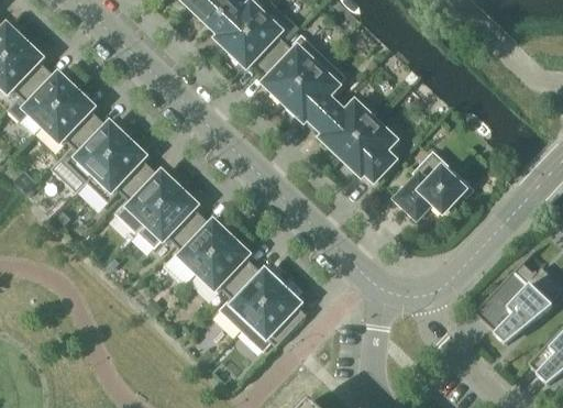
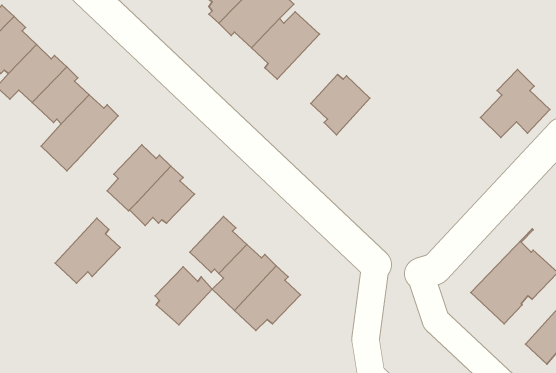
building: [284,58,345,126] -> none
building: [342,121,399,181] -> none
building: [87,139,151,202] -> [55,218,120,283]
building: [397,152,465,219] -> [481,69,550,138]
building: [175,216,231,273] -> [155,267,212,325]

